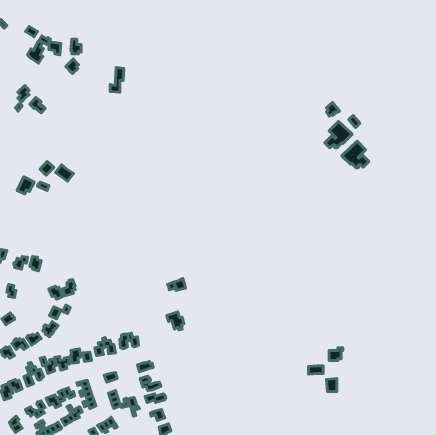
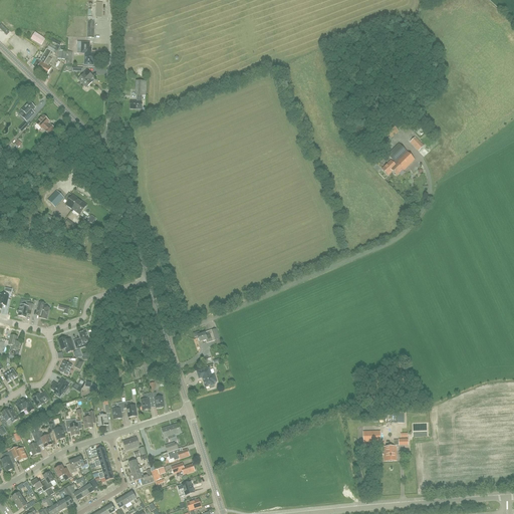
building: [342,141,369,168] -> none

